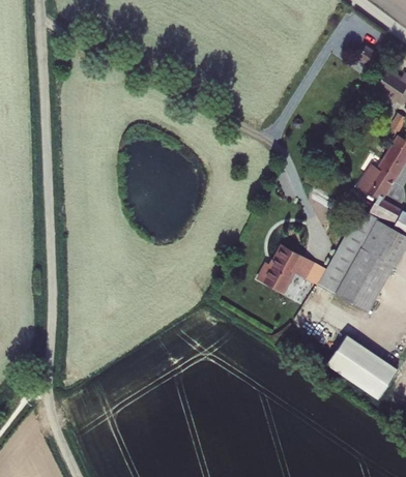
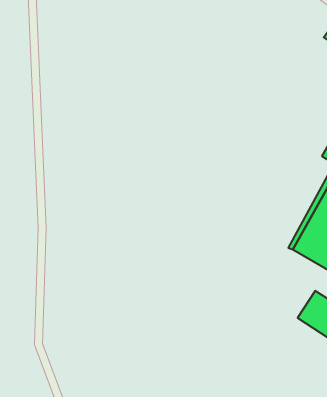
building: [259,247,314,295] -> none

